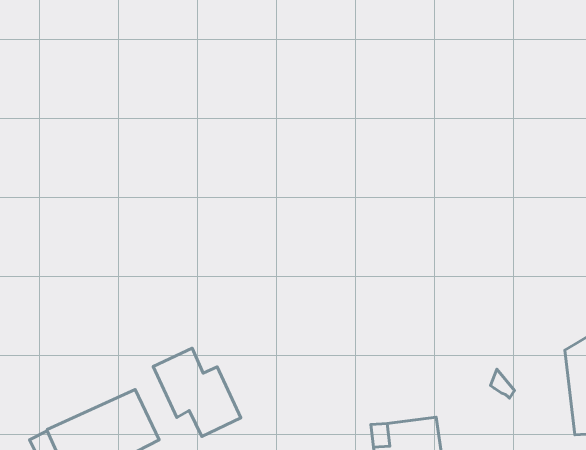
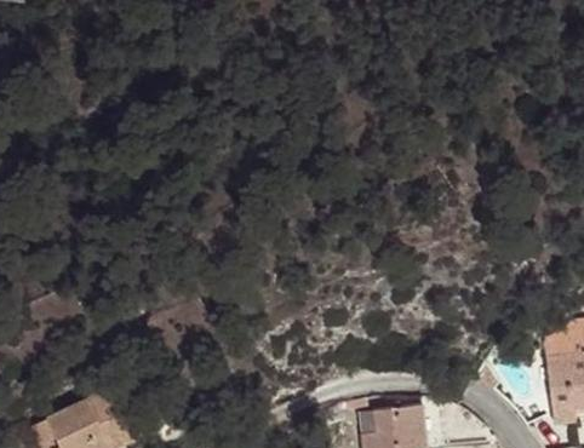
building: [153,348,241,436] -> none

